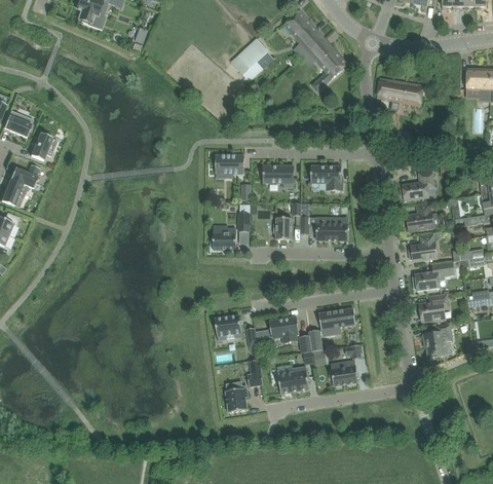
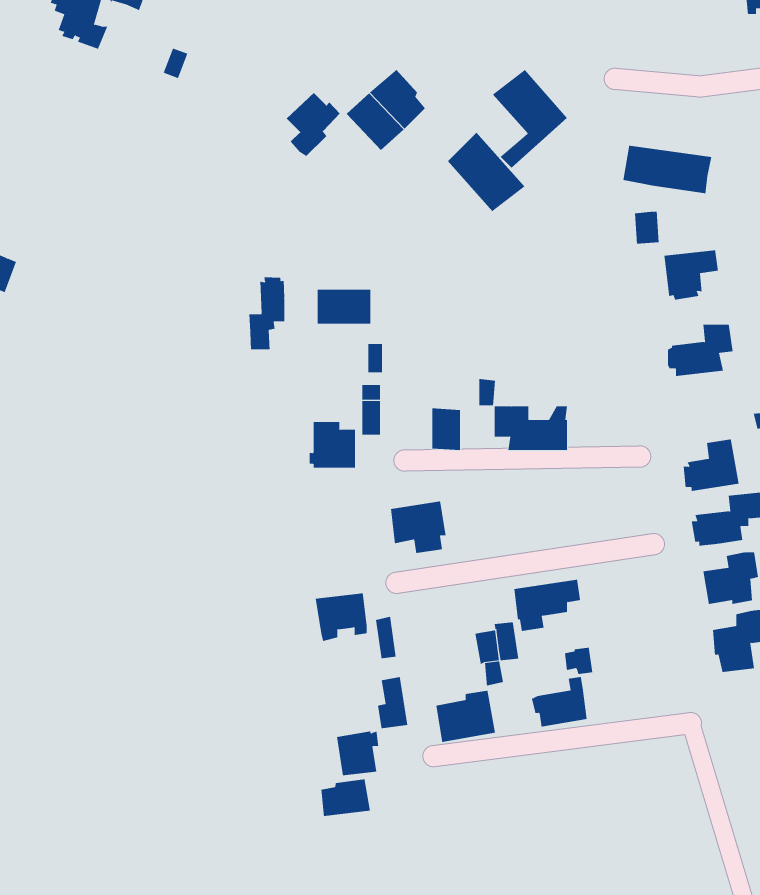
building: [283,9,325,51] -> [447,132,525,212]
building: none -> [286,92,340,157]
building: none -> [664,250,718,301]
building: none -> [249,276,285,350]
building: [261,165,293,187] -> none
building: [310,165,342,190] -> none
building: [406,203,433,230] -> none
building: [269,315,299,343] -> [390,501,447,553]
building: none -> [321,778,371,817]

